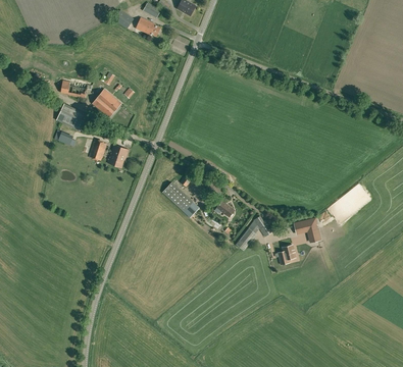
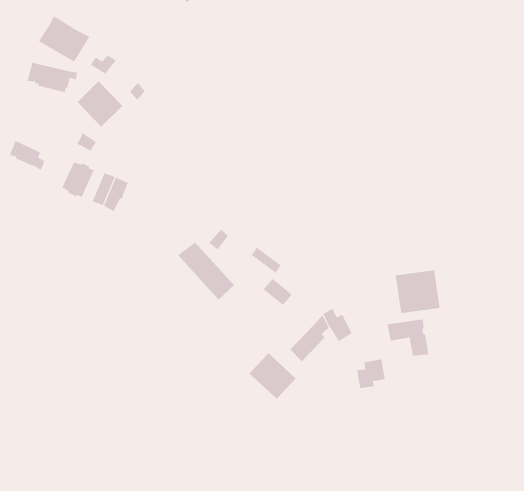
building: [56,103,88,130] -> [38,16,90,62]
building: none -> [395,270,440,314]
building: none -> [249,353,297,400]

